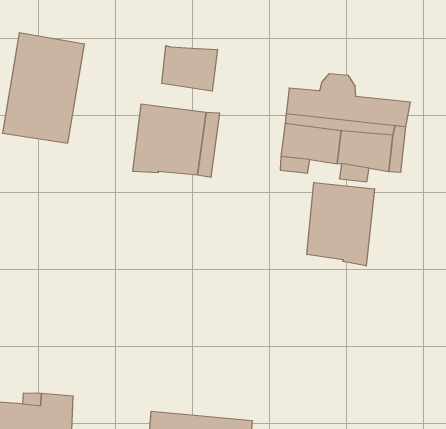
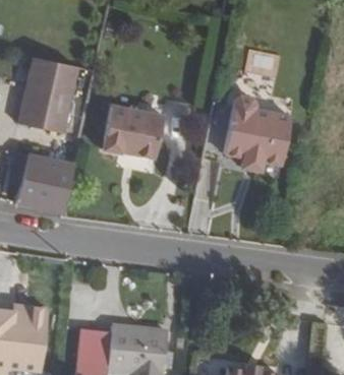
building: [162,45,217,91] -> none
building: none -> [16,155,72,210]
building: [307,182,375,266] -> none

